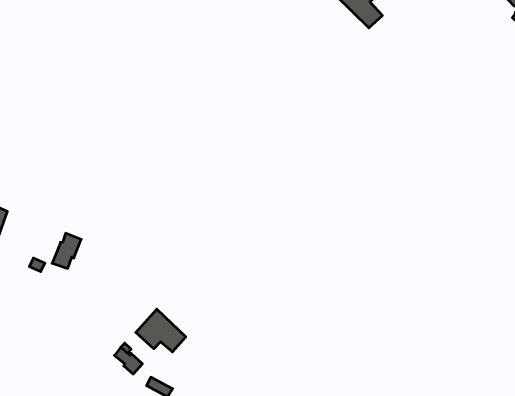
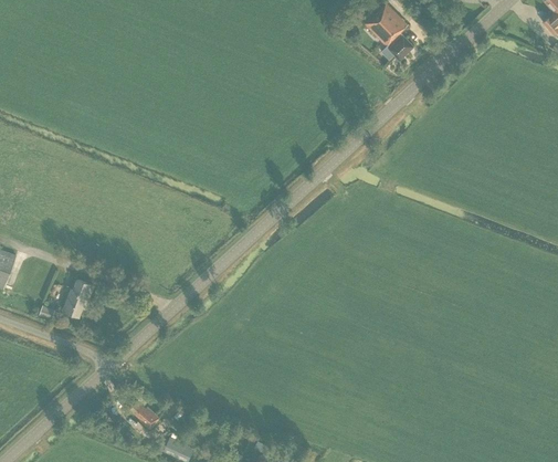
building: [136,309,186,352] -> none

